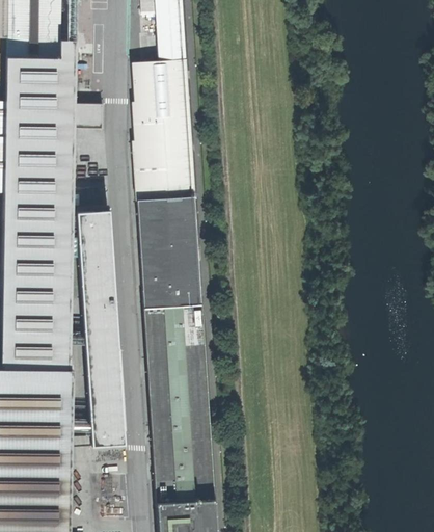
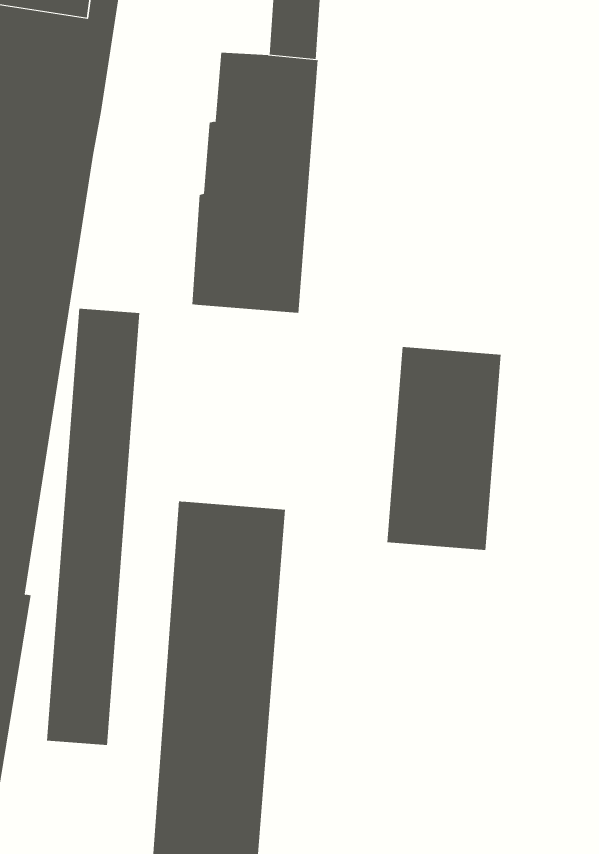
building: [73,107,103,132] -> none
building: [139,201,199,310] -> [386,347,502,550]

